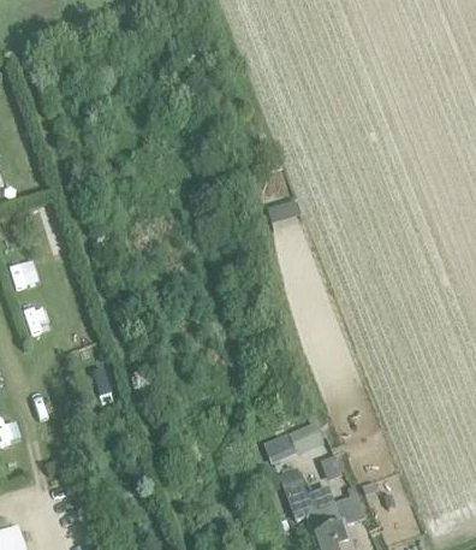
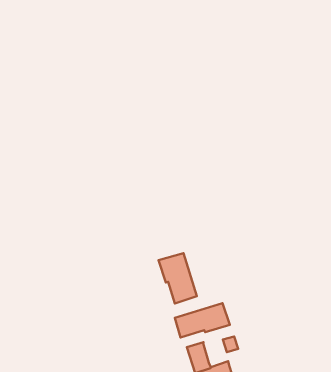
building: none -> [158,253,197,303]

